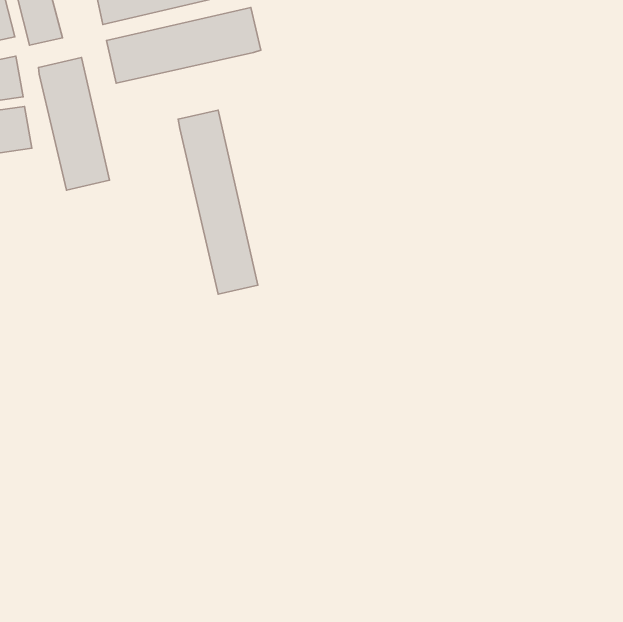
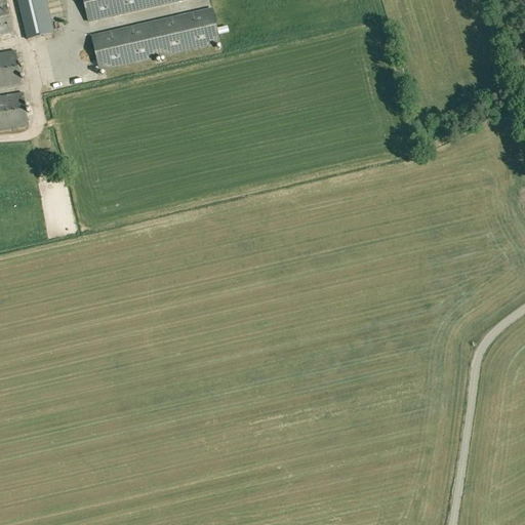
building: [38,58,109,190] -> none
building: [178,110,258,294] -> none

